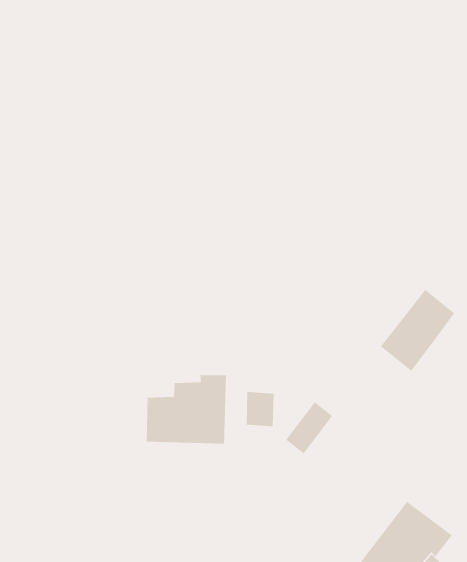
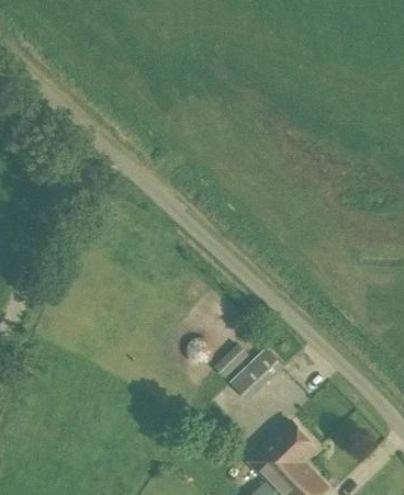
building: [380,289,455,372] -> [228,347,283,402]
building: [146,374,227,444] -> none

